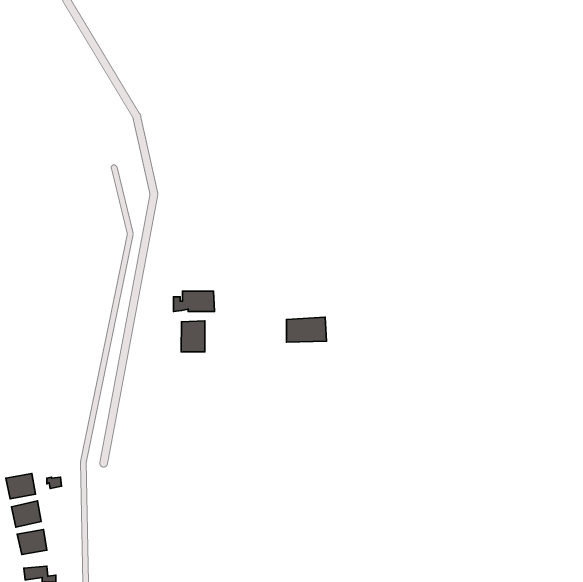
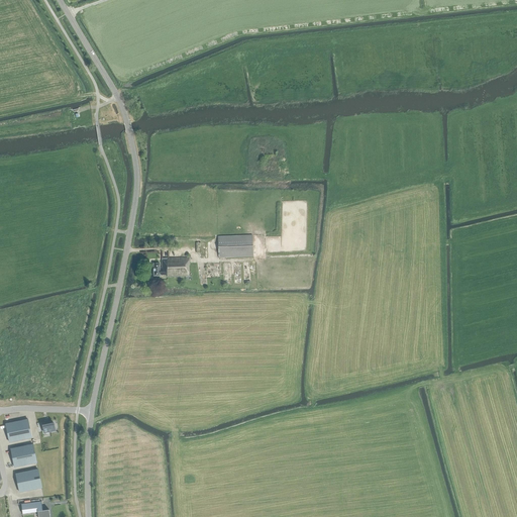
building: [286,317,326,342] -> [218,234,253,256]
building: [181,321,205,352] -> none

